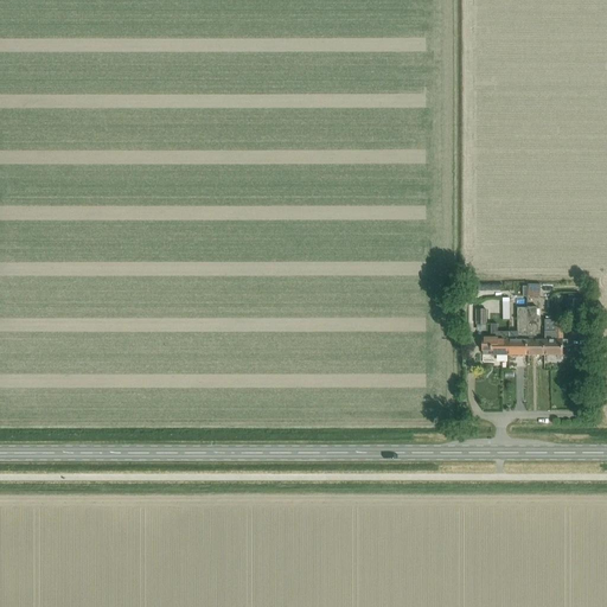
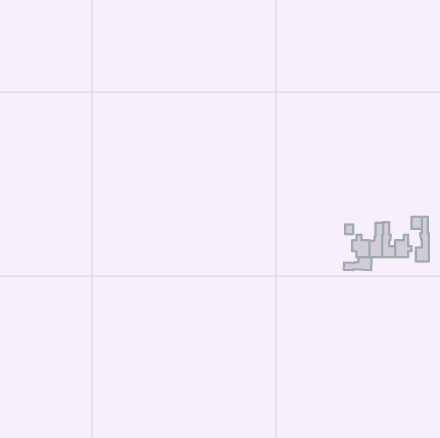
building: none -> [416,217,429,262]
building: none -> [344,257,371,270]

